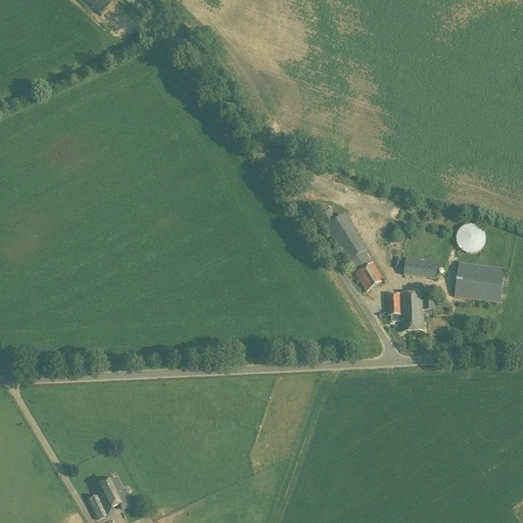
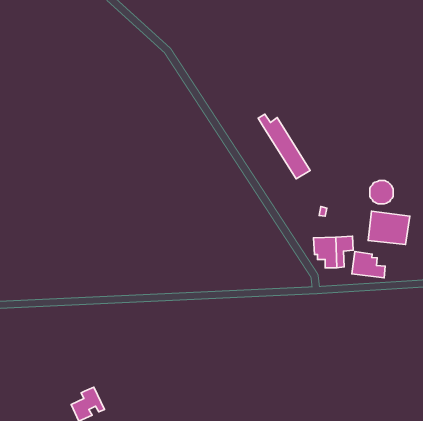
building: [319,209,383,289] -> [258,114,310,179]
building: [402,256,437,278] -> none
building: none -> [352,252,385,278]

